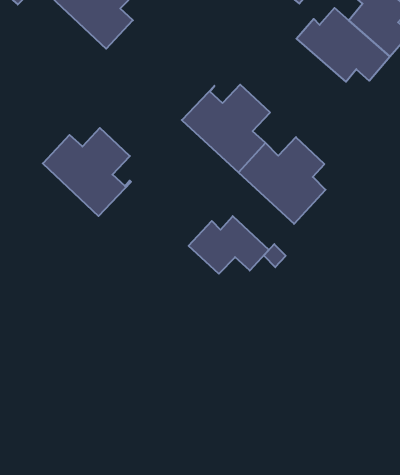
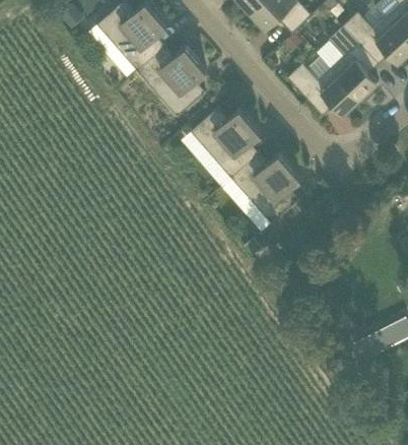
building: [43,128,131,216] -> [138,47,207,116]
building: [189,216,269,274] -> none

